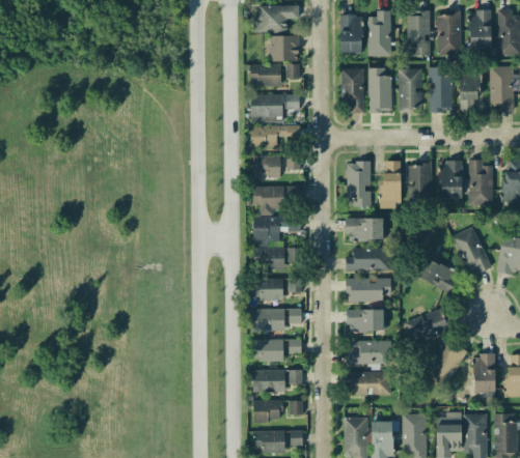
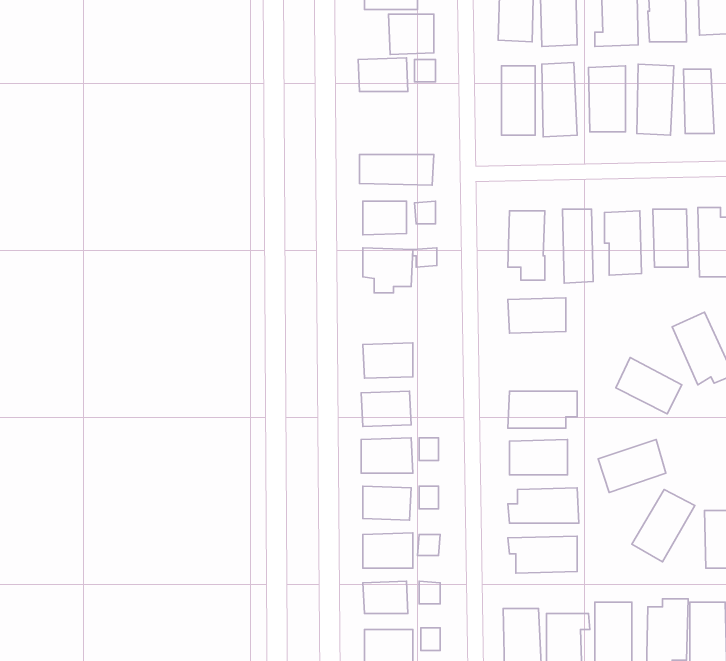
building: [251,94,300,122] -> none
building: [253,217,300,247] -> none
building: [346,247,390,270] -> none

